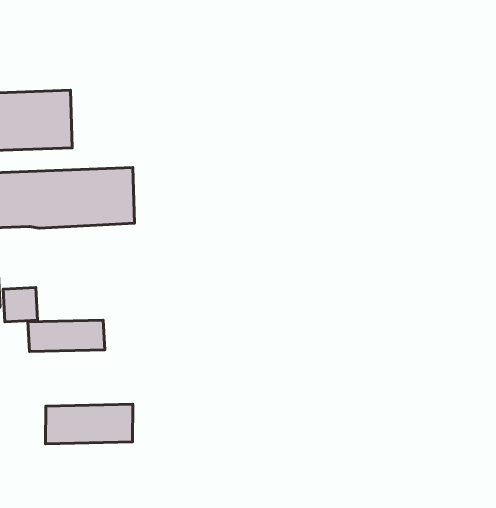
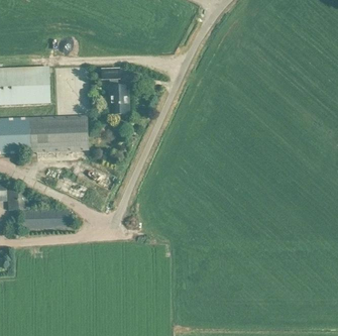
building: none -> [102,68,130,114]
building: [45,404,133,444] -> none

